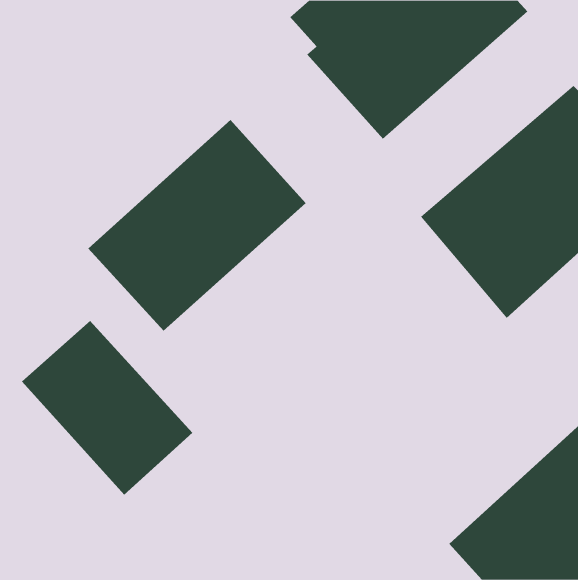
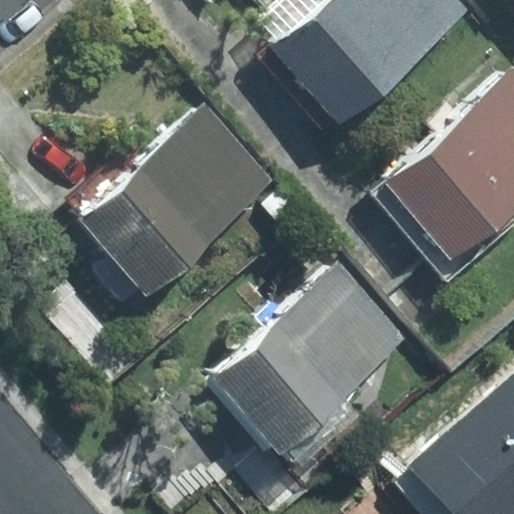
building: none -> [209,266,404,465]
building: [21,320,193,495] -> none

